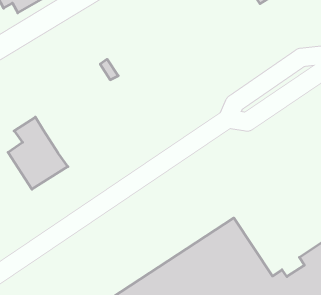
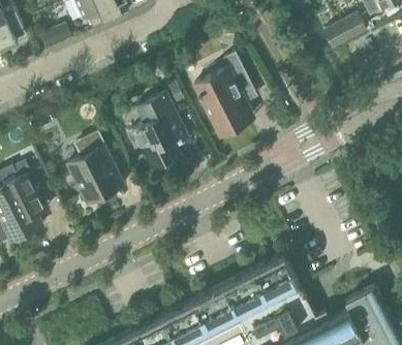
building: none -> [193,53,254,135]
building: none -> [126,92,186,170]

